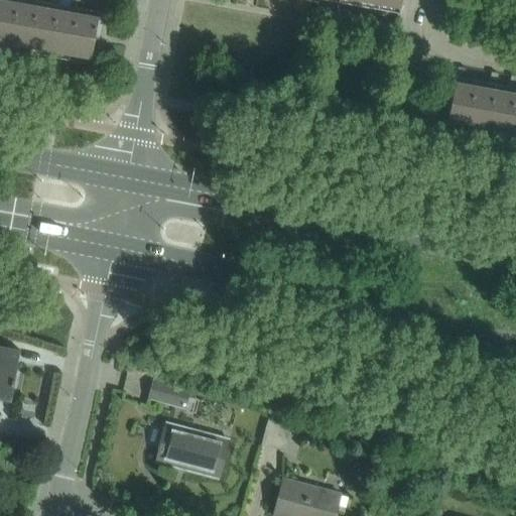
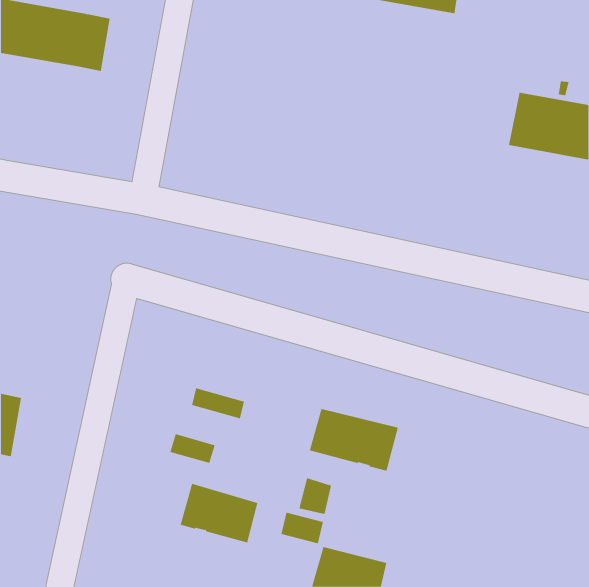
building: none -> [191,387,245,419]
building: none -> [309,408,398,471]
building: none -> [281,512,324,544]

